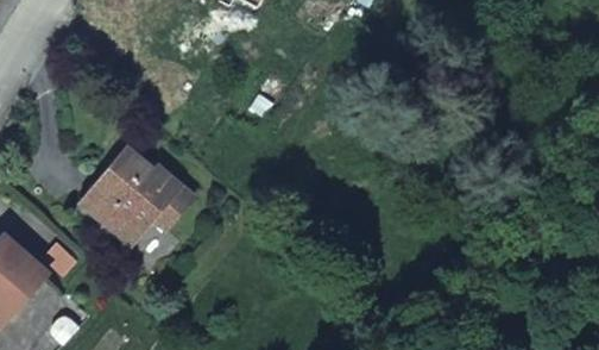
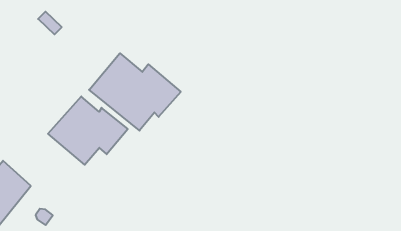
building: none -> [89,53,181,131]

